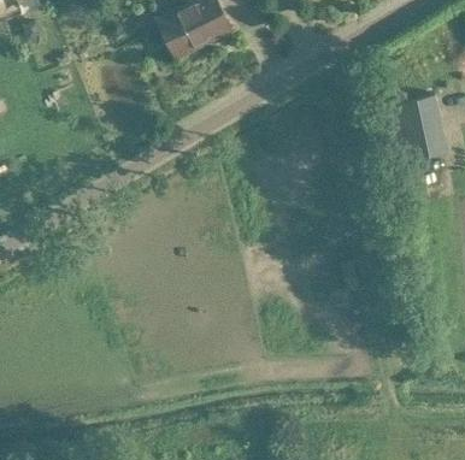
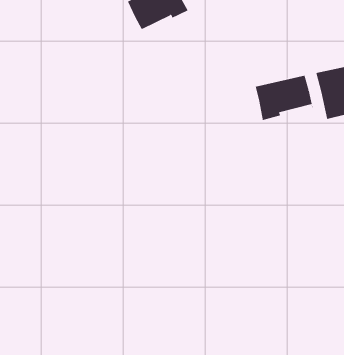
building: none -> [255,75,313,121]

